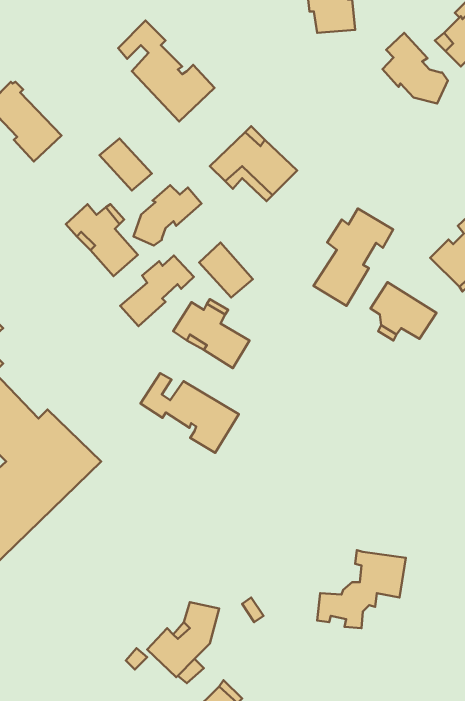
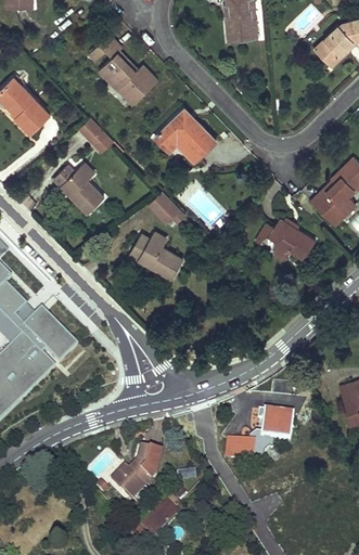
building: [382,33,448,103] -> none
building: [134,185,202,245] -> none
building: [314,209,393,306] -> none
building: [120,256,194,326] -> none
building: [140,373,239,453] -> none

